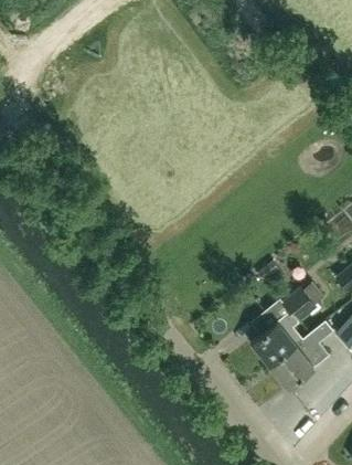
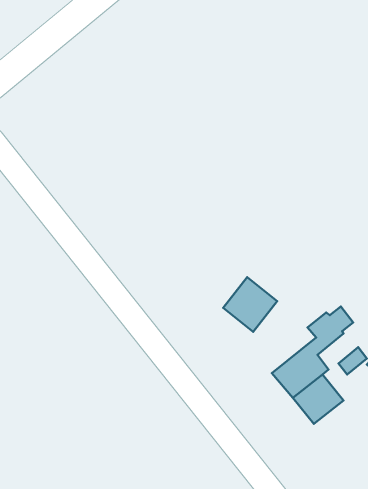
building: none -> [223,277,277,332]

